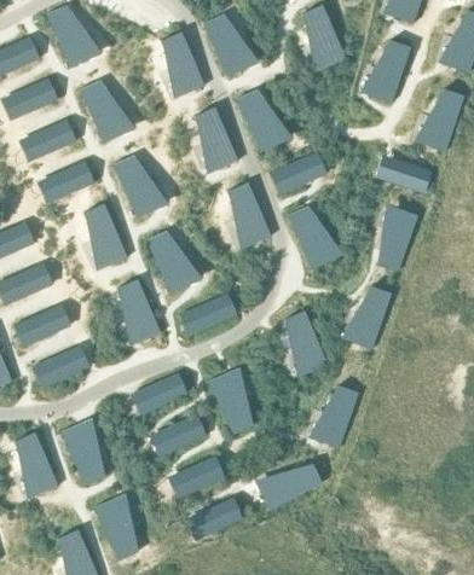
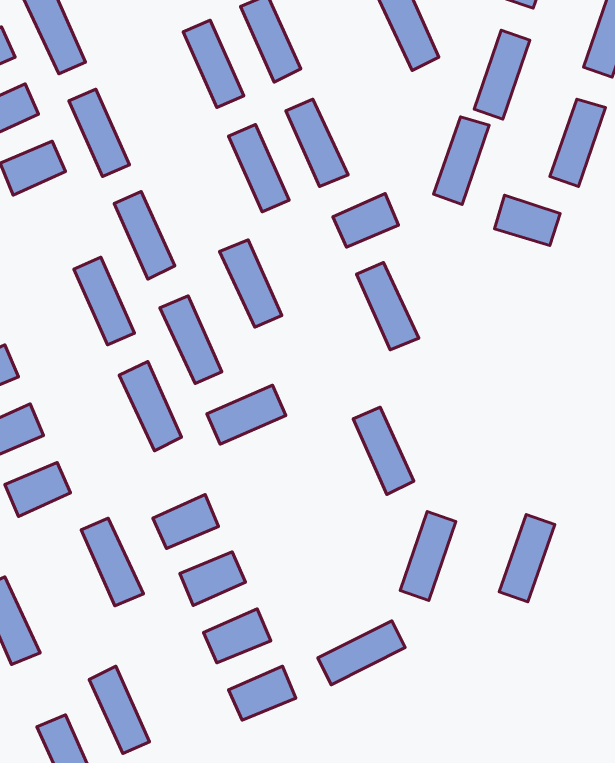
building: [46,161,94,199] -> none
building: [226,184,271,246] -> [220,240,282,327]
building: [377,209,417,272] -> [434,117,489,204]
building: [351,286,391,349] -> [499,514,555,602]
building: [208,371,252,434] -> none
building: [59,422,104,484] -> [81,518,143,606]

